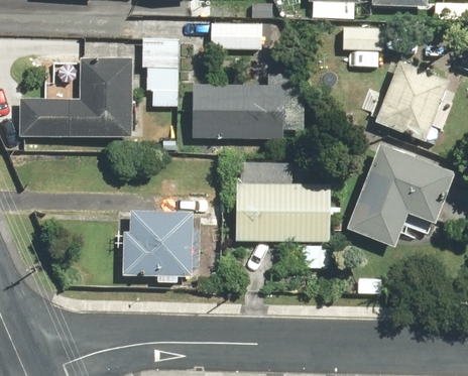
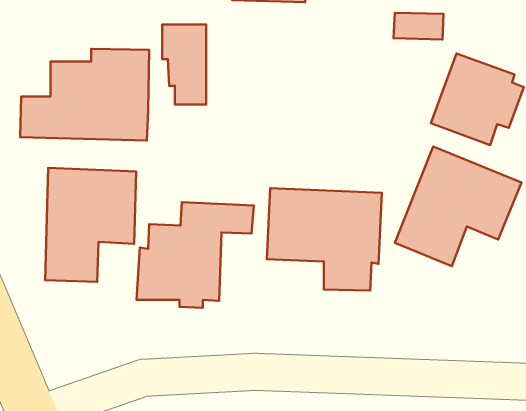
building: [210,20,262,49] -> none
building: [191,82,306,139] -> none
building: none -> [45,168,136,282]

